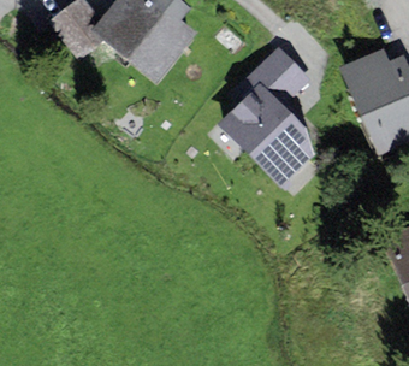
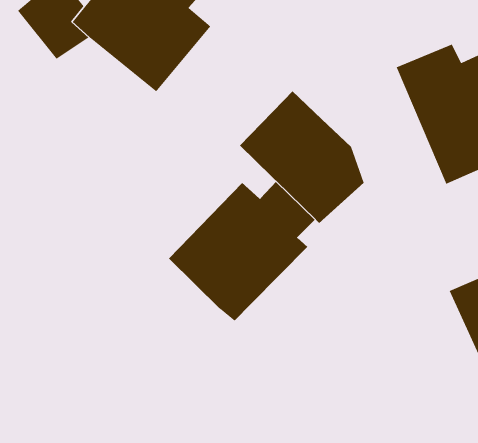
building: [244,47,308,105] -> none
building: none -> [168,181,315,321]

